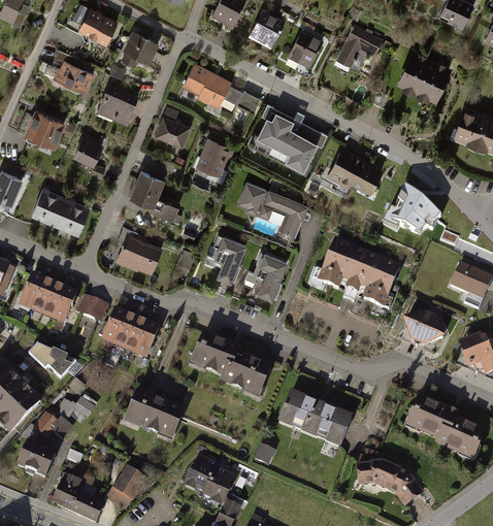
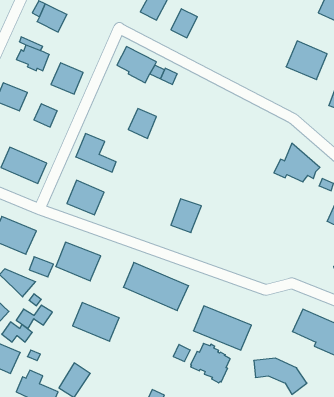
building: [338,25,384,66] -> none
building: [122,31,159,65] -> none
building: [289,31,322,67] -> none
building: [255,102,327,169] -> none
building: [155,117,191,147] -> none
building: [319,144,382,198] -> none
building: [238,177,308,233] -> none
building: [207,237,247,283] -> none
building: [318,238,401,307] -> none
building: [78,297,109,323] -> [29,257,53,277]
building: [403,309,445,346] -> none
building: [184,452,234,502] -> [191,343,230,383]

